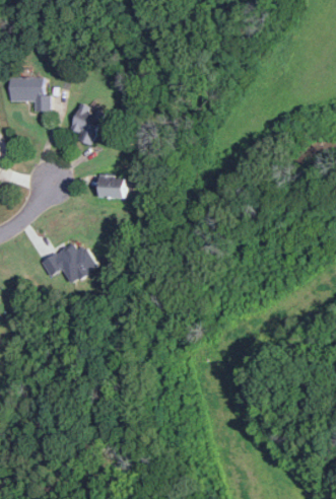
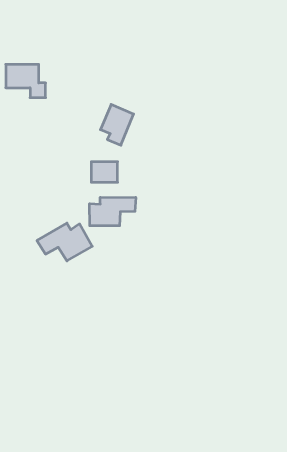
building: [69,102,104,145] -> [100,104,134,145]
building: none -> [90,197,136,226]

